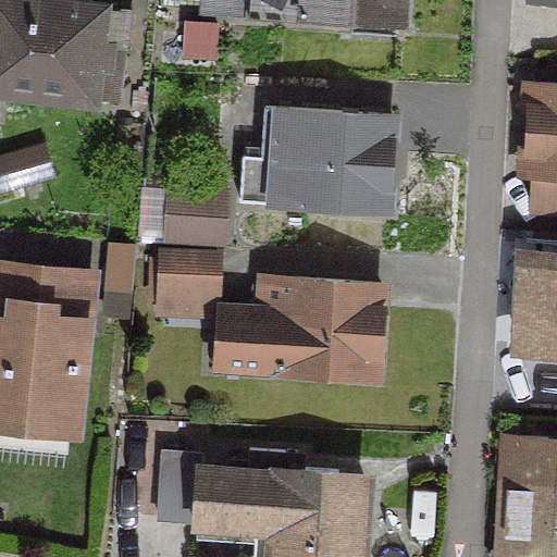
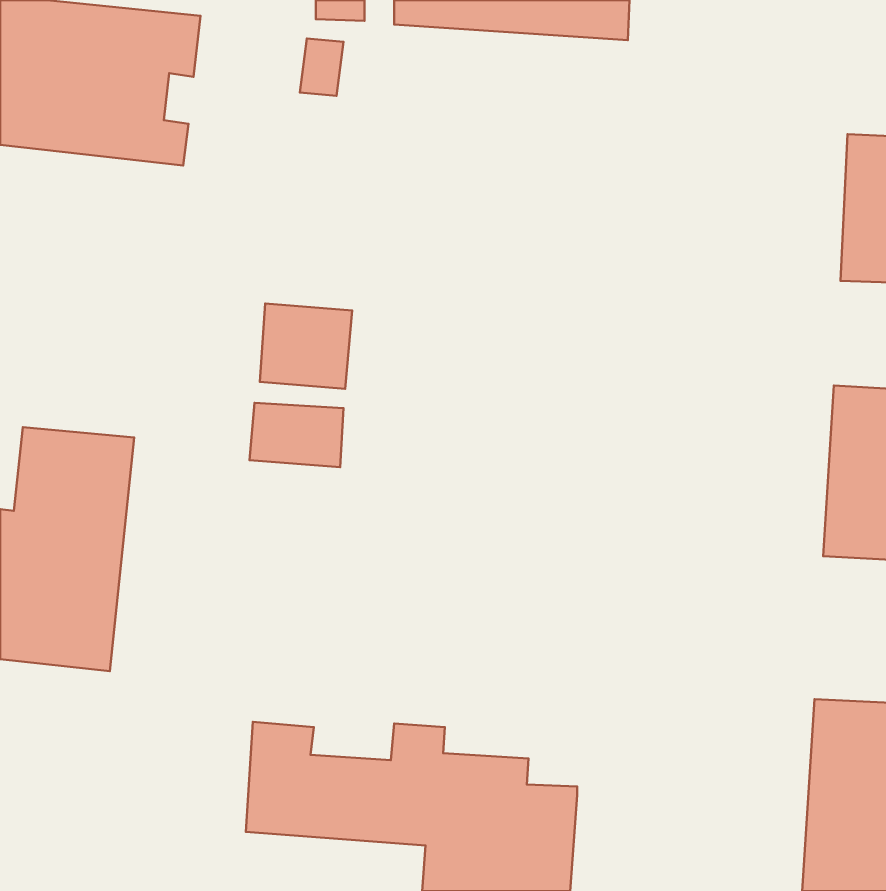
building: [237,107,389,211] -> none
building: [214,277,377,376] -> none

